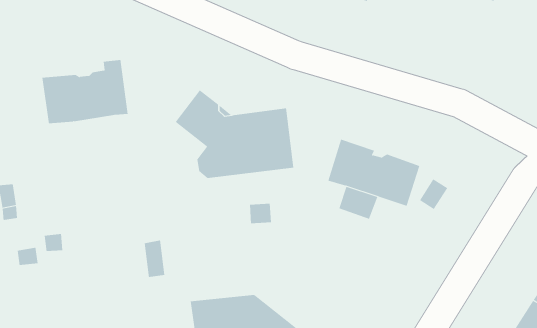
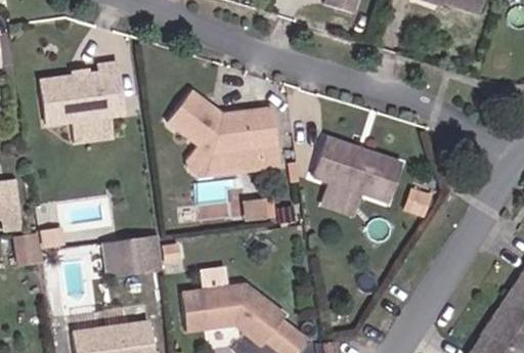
building: none -> [73,117,115,144]
building: none -> [106,238,143,275]

